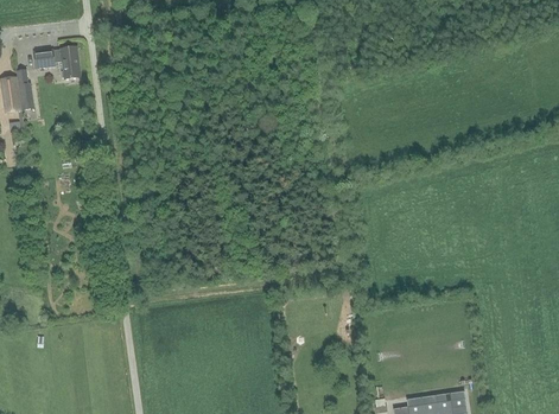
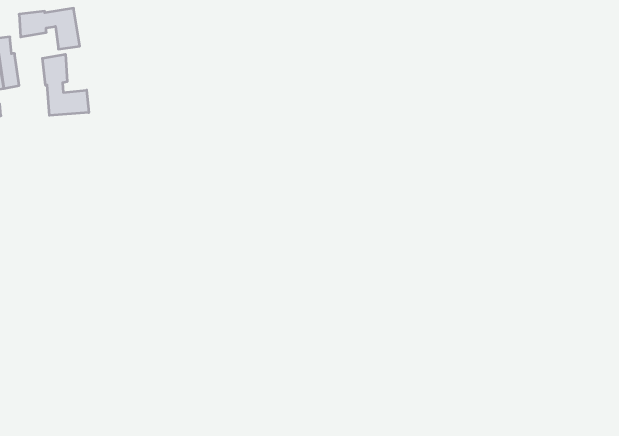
building: none -> [42,54,89,115]

